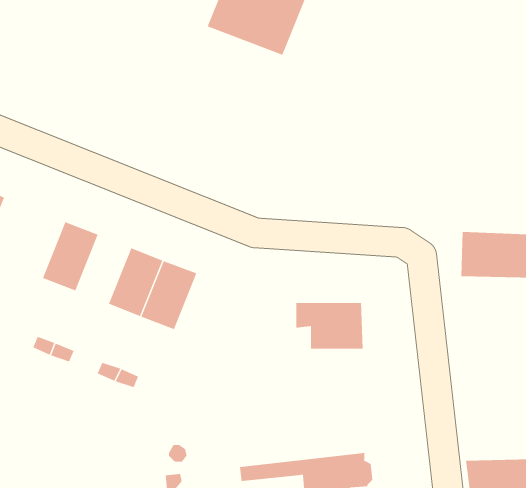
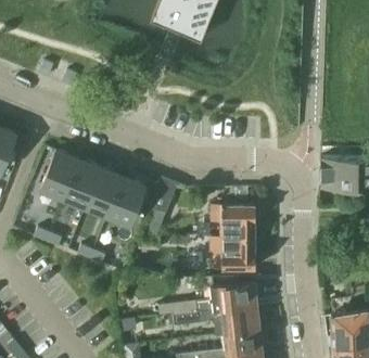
building: none -> [63,161,100,207]
building: none -> [150,178,178,215]
building: none -> [211,238,256,273]
building: none -> [158,283,259,318]

